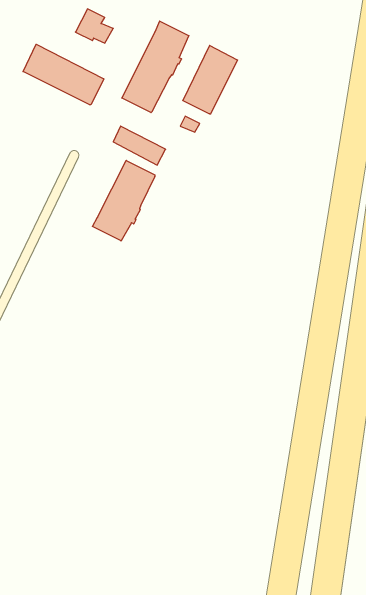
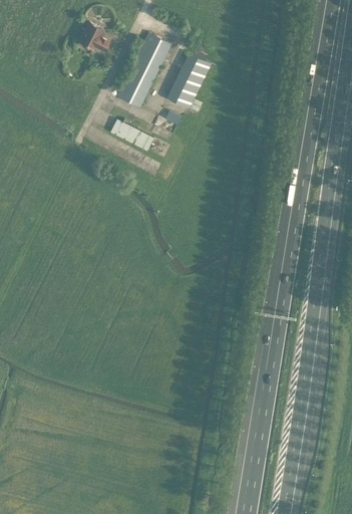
building: [23,44,104,105] -> none
building: [92,160,155,241] -> none

